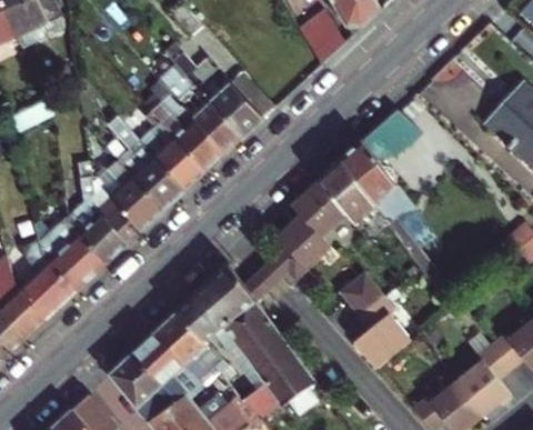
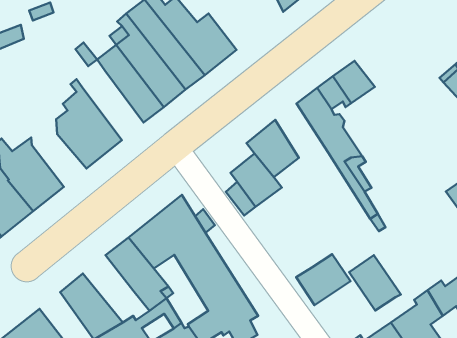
building: [117,140,183,211] -> none
building: [320,159,378,227] -> none
building: [68,162,128,264] -> none
building: [340,271,395,329] -> [349,255,401,311]
building: [132,332,188,401] -> none

